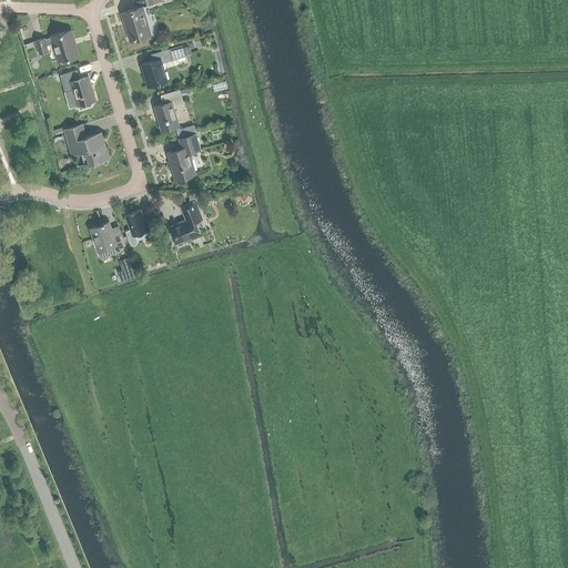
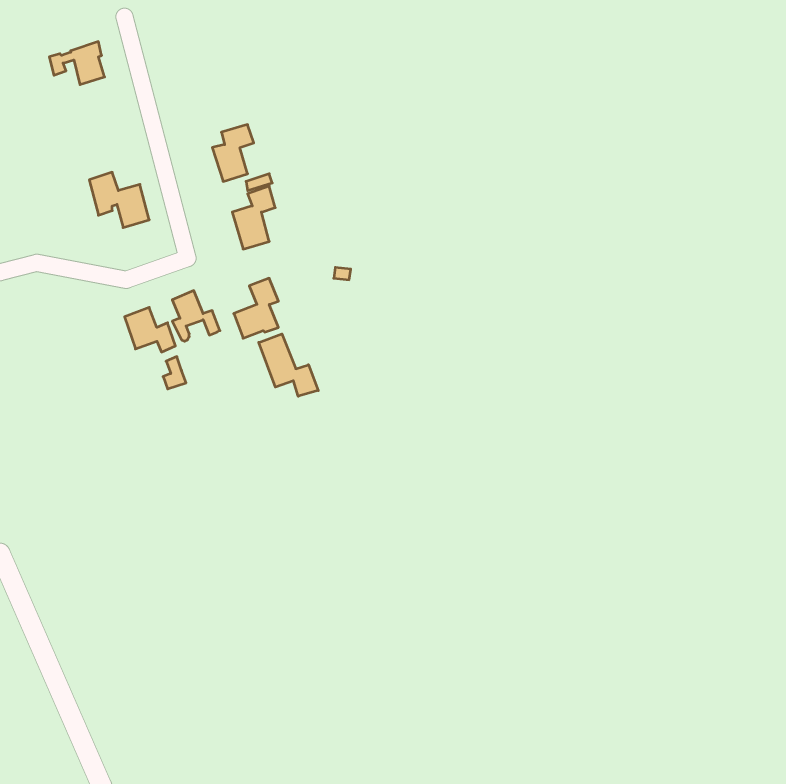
building: [121,8,150,40] -> none
building: [141,47,185,88] -> none
building: [60,71,94,111] -> none
building: none -> [259,334,318,396]

